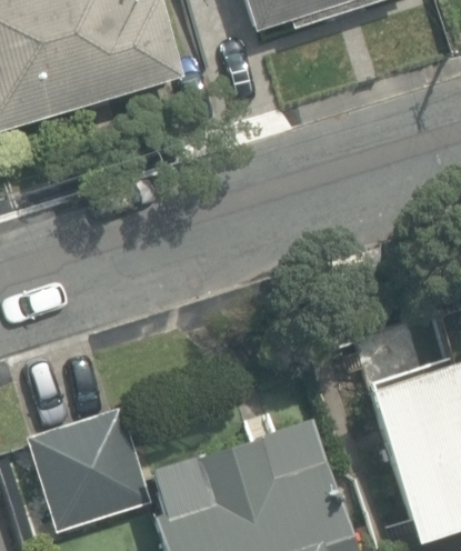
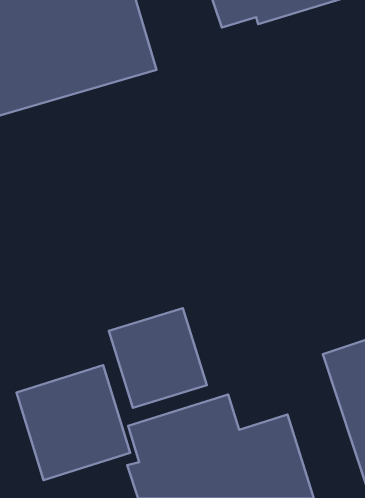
building: none -> [109,308,207,408]

